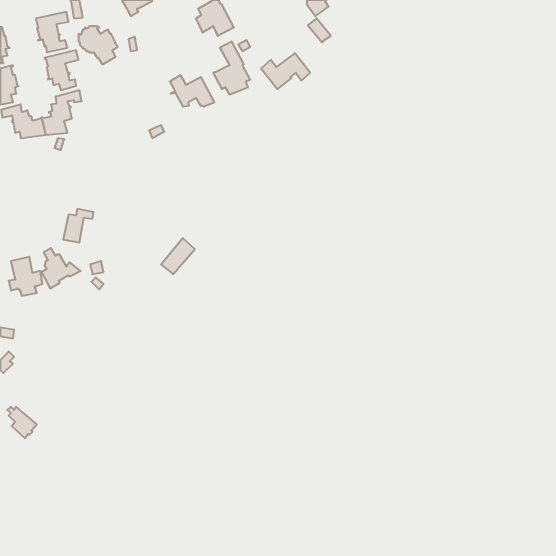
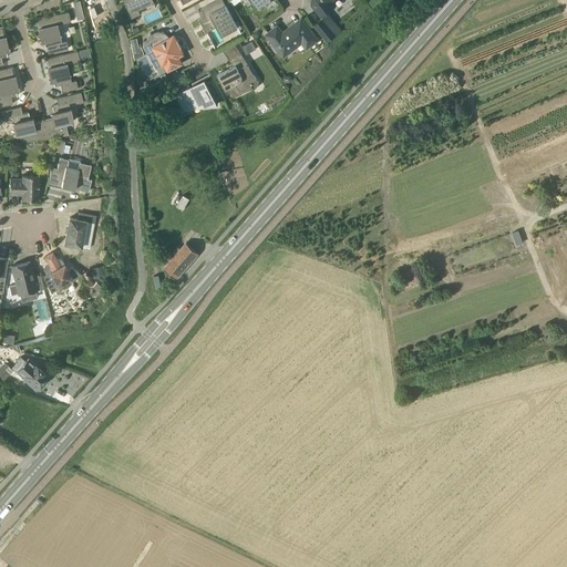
building: [79,26,118,64] -> [144,32,184,71]
building: [261,53,310,89] -> [267,20,317,56]
building: none -> [56,157,91,192]
building: none -> [10,175,39,199]
building: [7,407,37,438] -> [19,359,49,391]

